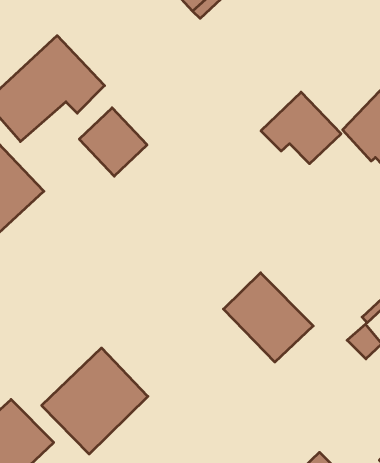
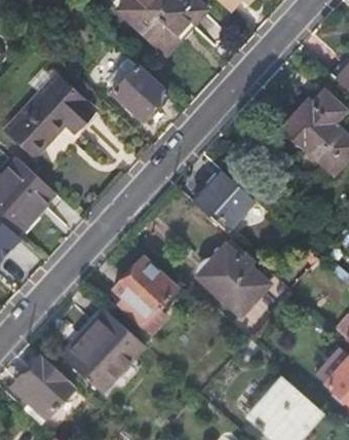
building: [261,92,341,164] -> [194,170,256,224]
building: [79,108,147,176] -> [113,67,165,119]
building: none -> [115,256,176,325]

